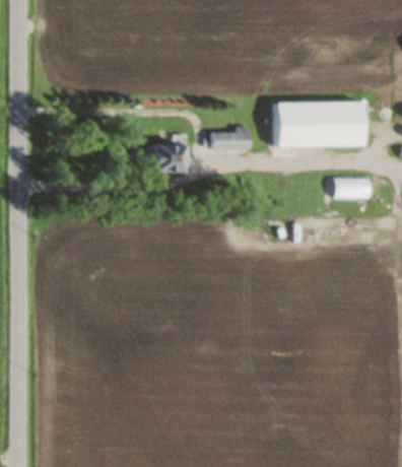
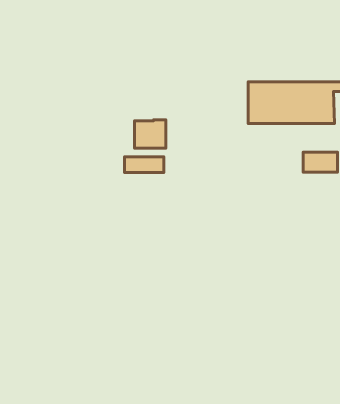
building: [210,126,251,149] -> none
building: none -> [124,157,164,173]

